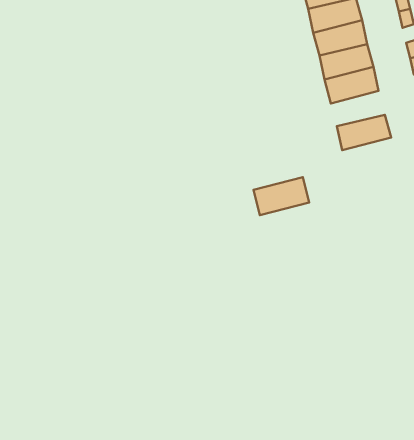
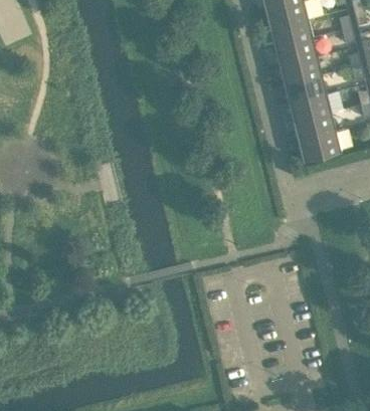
building: none -> [289,94,332,123]
building: [254,177,309,215] -> [298,132,342,162]

